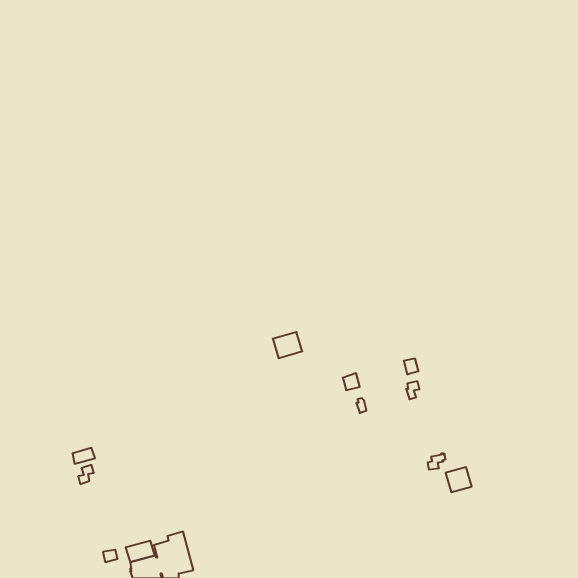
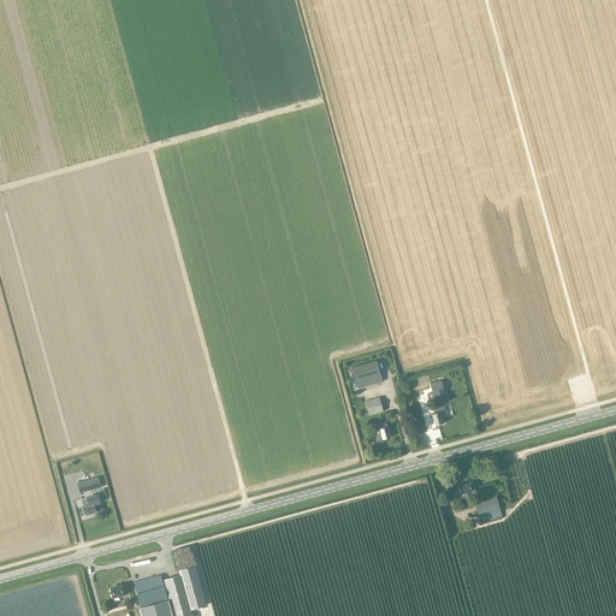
building: [273,332,302,358] -> [351,361,383,389]

